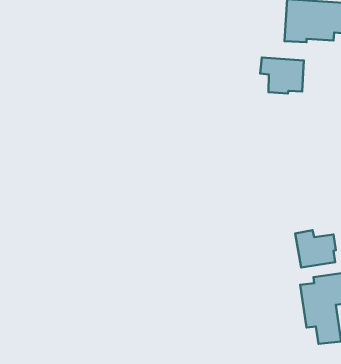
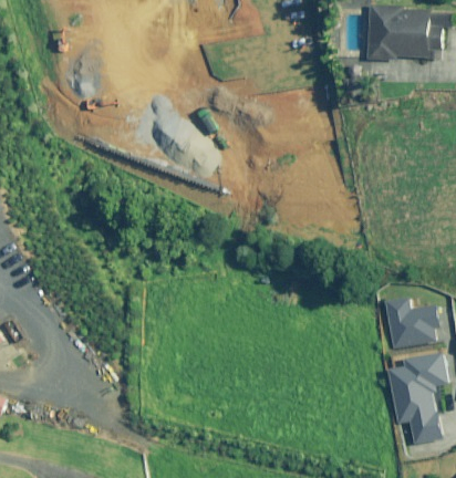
building: [260,58,304,93] -> none

